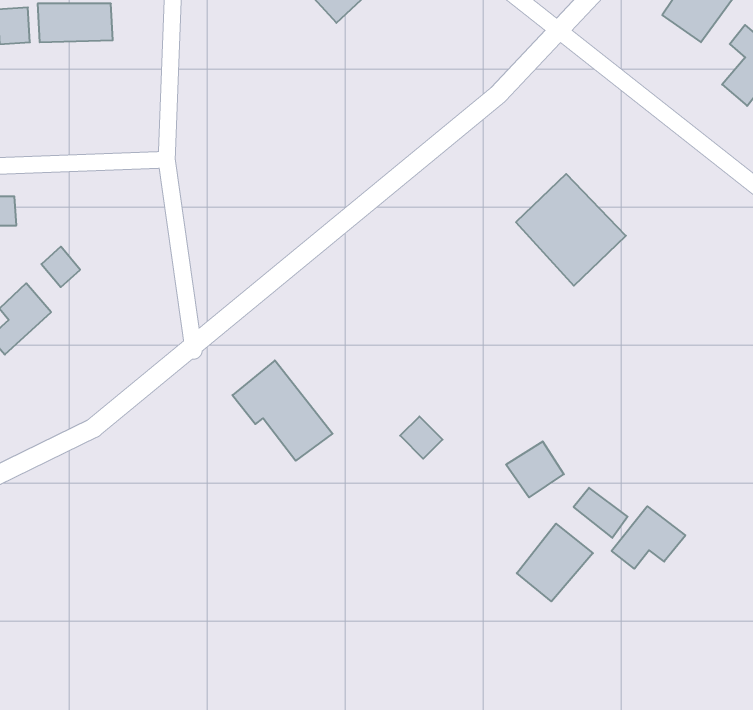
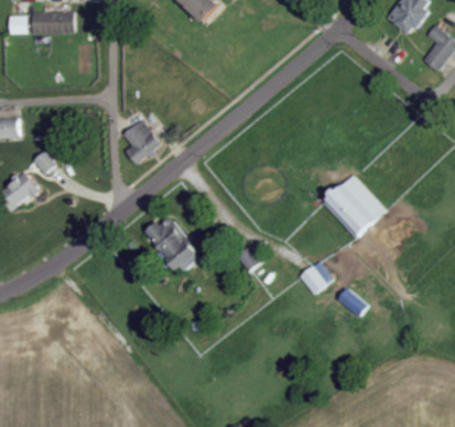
building: [516,174,626,286] -> [323,175,386,239]
building: none -> [122,120,160,163]
building: [612,506,685,569] -> none
building: [517,524,593,601] -> none

